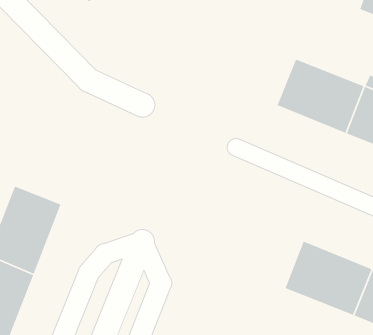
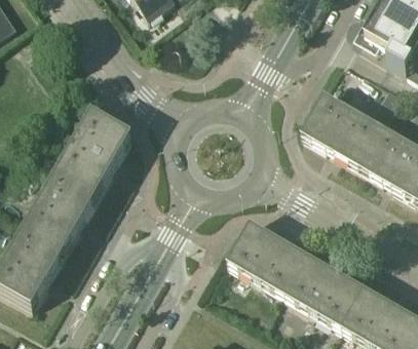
building: none -> [60,113,132,193]
building: none -> [227,223,307,296]

